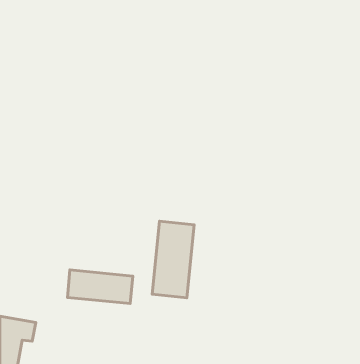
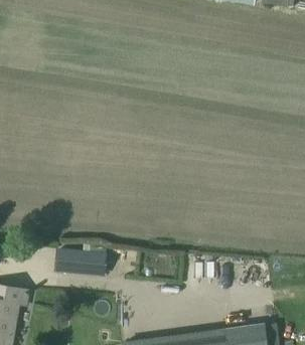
building: [152,221,194,298] -> none

